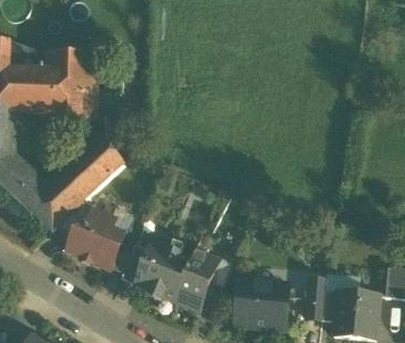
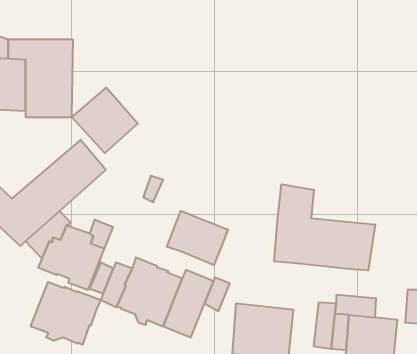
building: none -> [72,88,138,153]
building: none -> [274,184,375,271]
building: none -> [167,211,228,265]
building: none -> [31,282,101,345]

